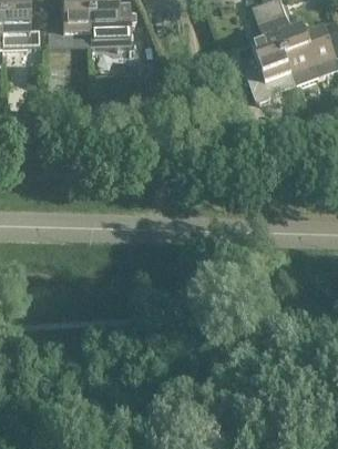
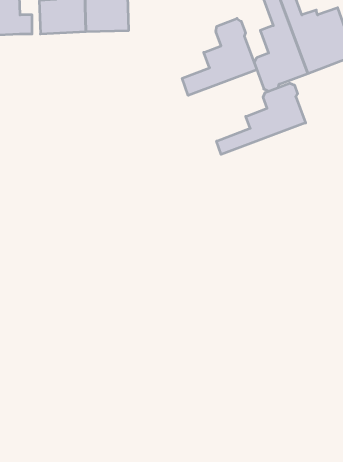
building: none -> [182,18,257,95]
building: none -> [217,83,306,154]

